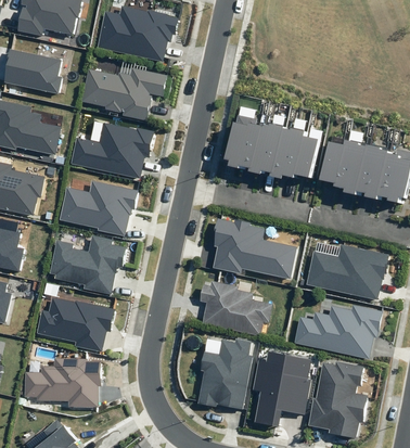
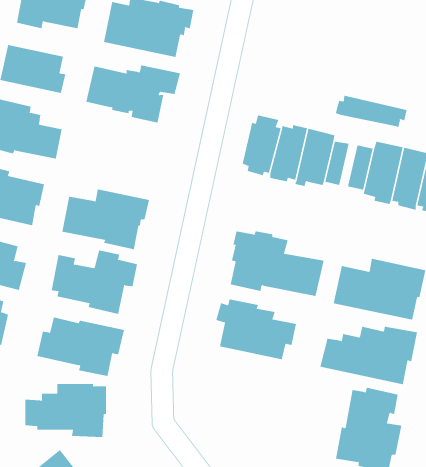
building: none -> [335,95,407,128]
building: [71,124,154,179] -> none
building: [196,338,252,409] -> none
building: [252,351,310,426] -> none

